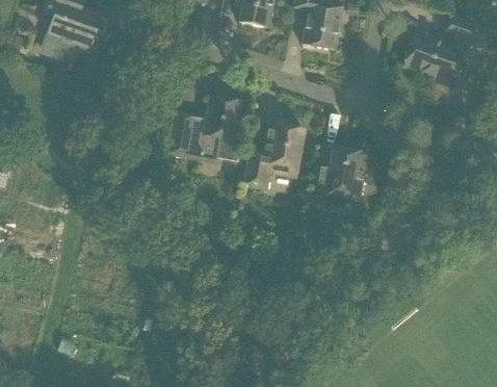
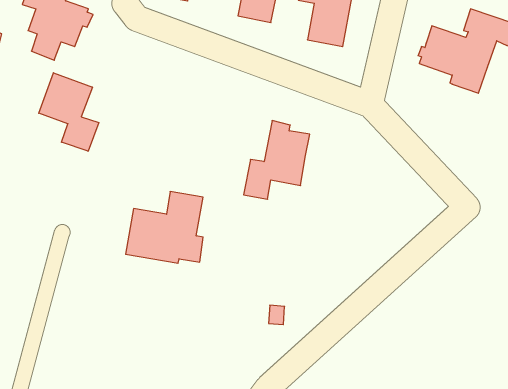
building: none -> [39,73,99,151]
building: [171,97,241,162] -> [126,192,203,263]
building: [311,148,367,207] -> none

